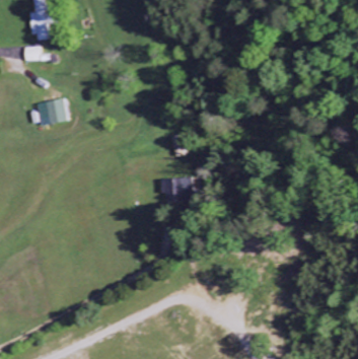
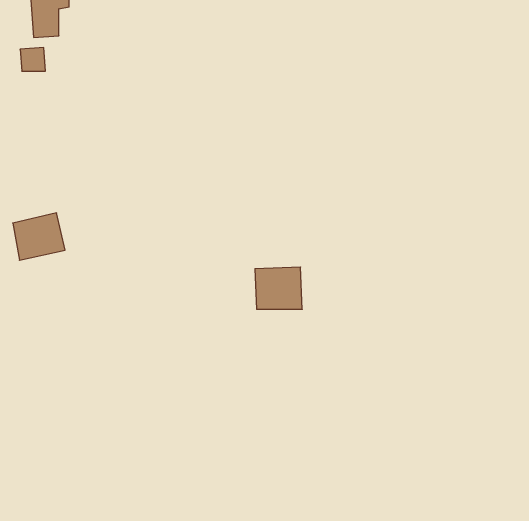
building: [37,97,68,126] -> [13,213,65,260]

